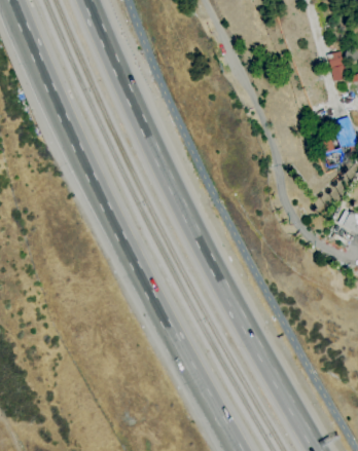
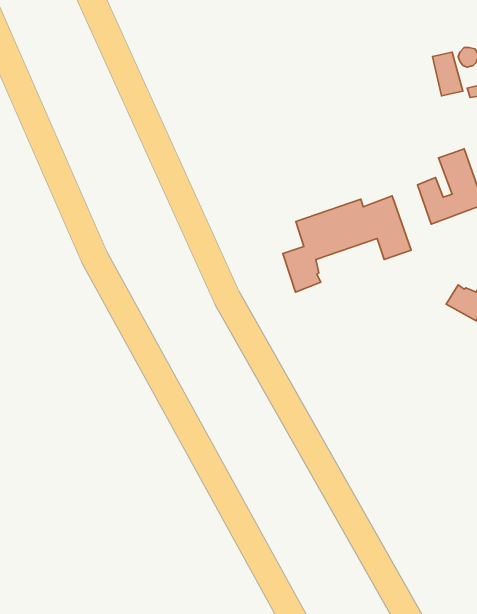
building: none -> [283,196,411,292]

